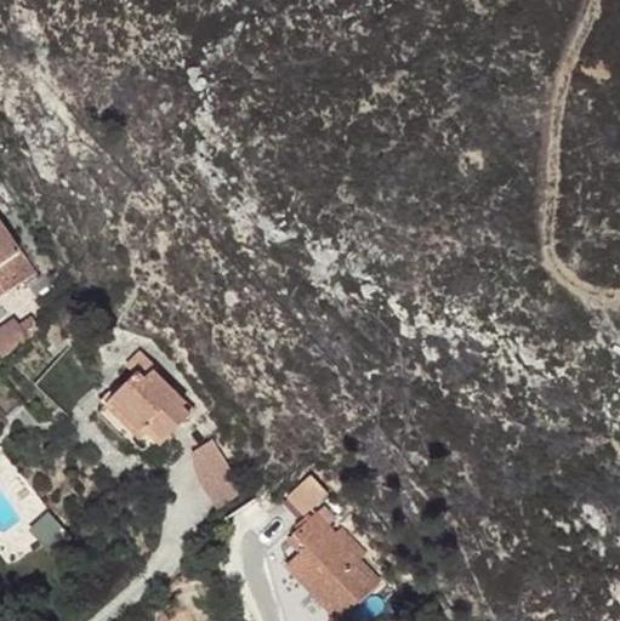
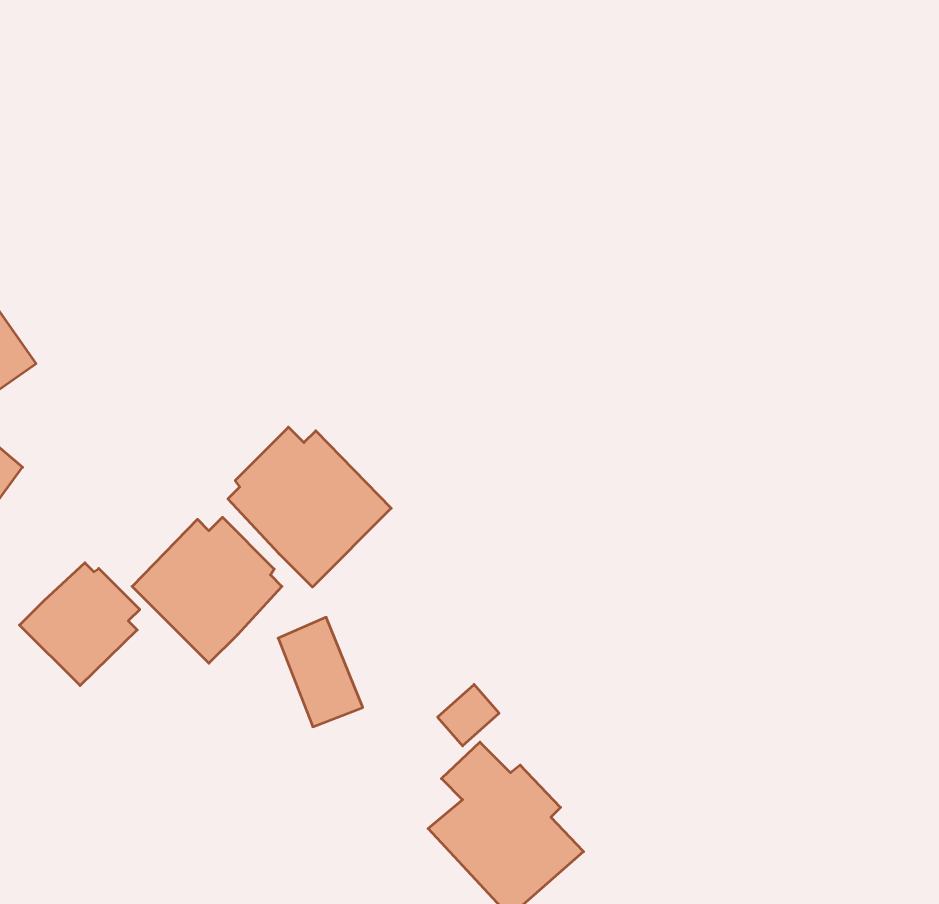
building: none -> [228,427,391,587]
building: none -> [19,563,140,686]

